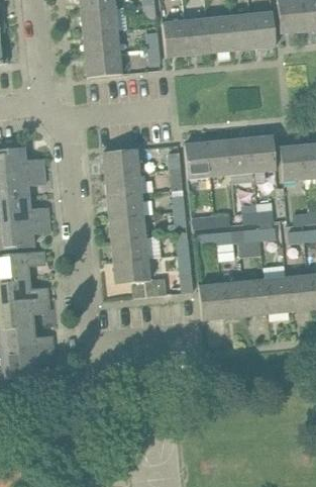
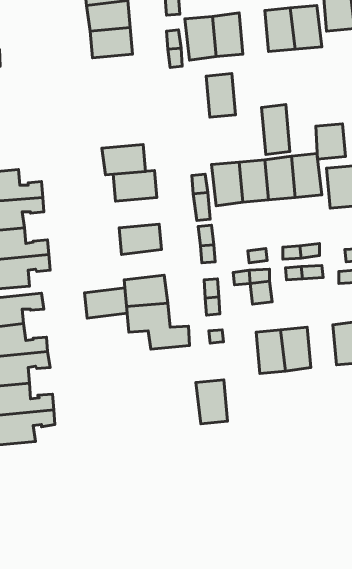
building: [207,15,231,52] -> [206,74,235,117]
building: [85,52,121,76] -> none
building: none -> [262,104,290,154]
building: none -> [316,124,345,159]
building: [104,171,140,196] -> [102,145,146,175]
building: [109,214,144,239] -> [85,288,127,318]
building: [264,277,288,312] -> none
building: [198,283,224,319] -> [196,380,227,424]

